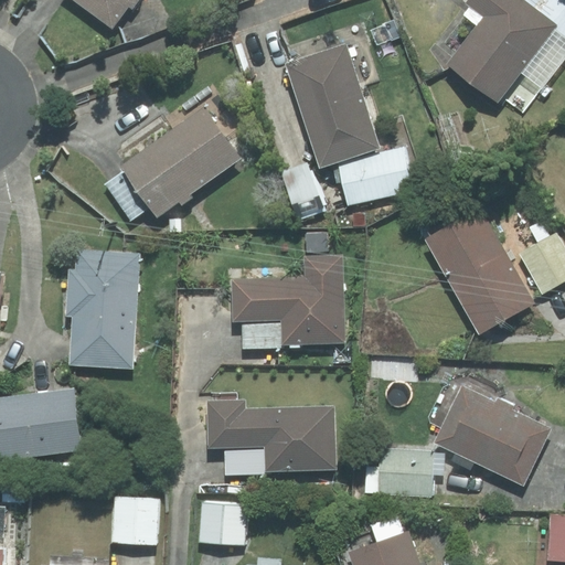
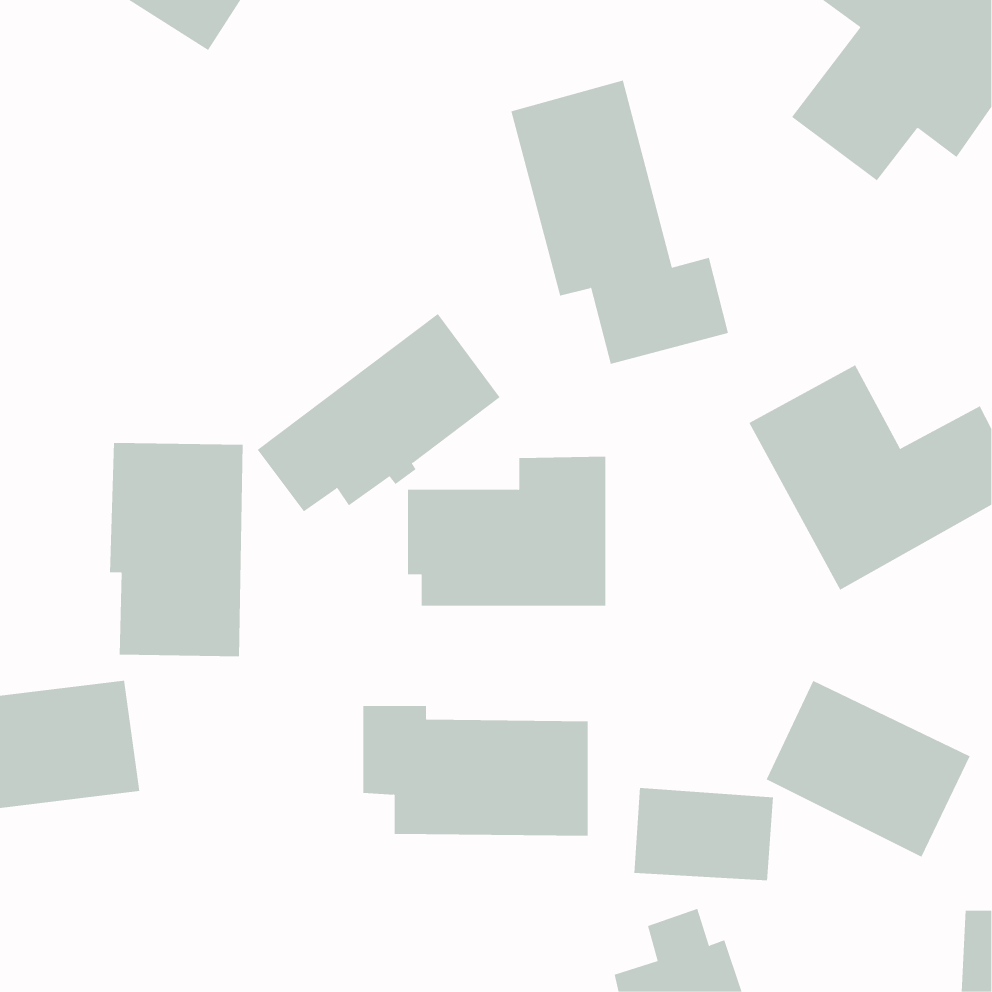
building: [102,109,239,222] -> [257,313,500,512]
building: [109,491,163,546] -> none
building: [194,497,252,544] -> none

